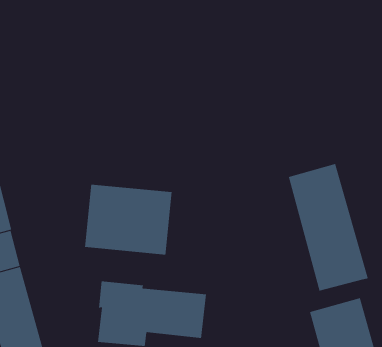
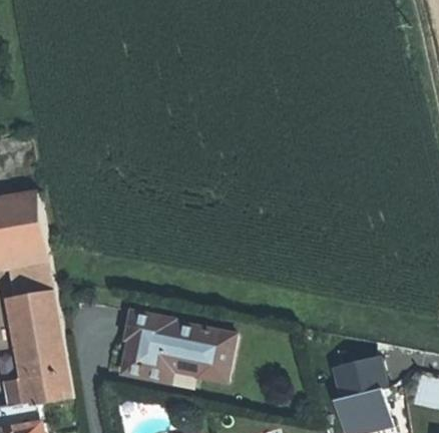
building: [288,163,368,291] -> none
building: [84,184,172,255] -> none

